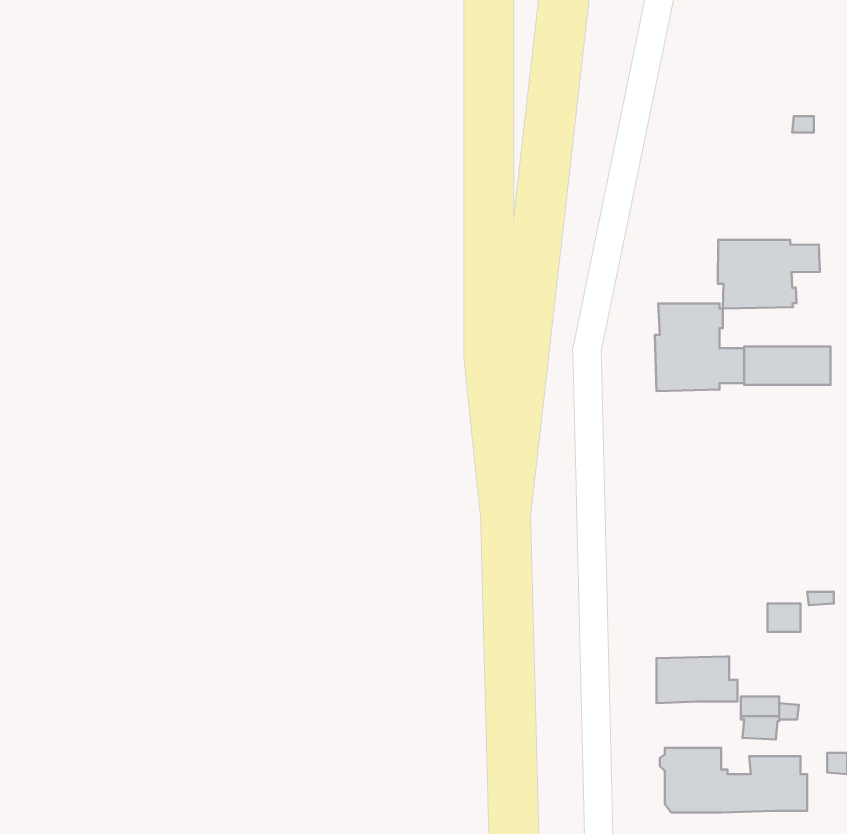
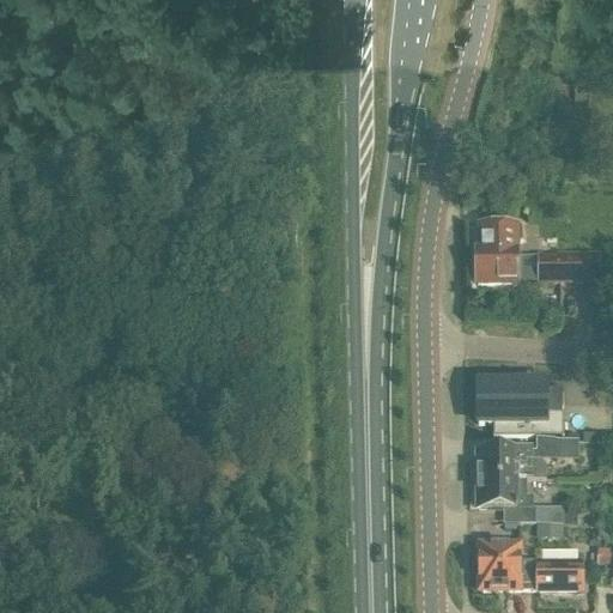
building: [718,240,820,308] -> none
building: none -> [475,381,564,432]
building: none -> [473,445,545,475]

